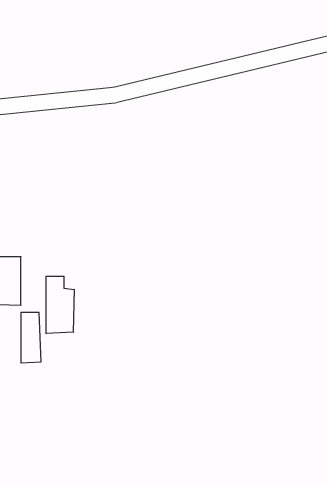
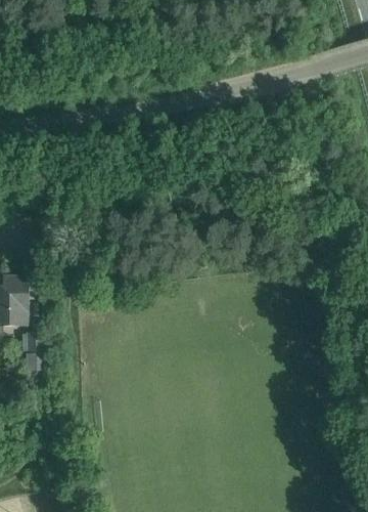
building: [46,276,74,334] -> none

